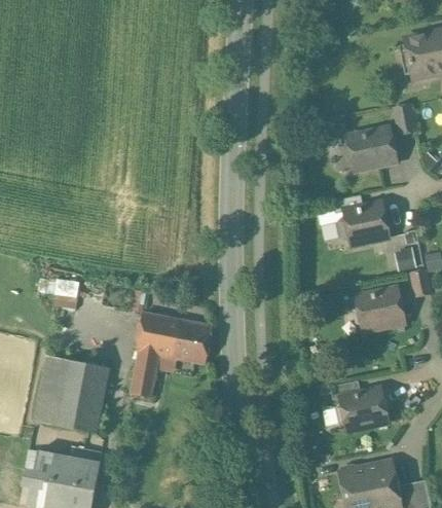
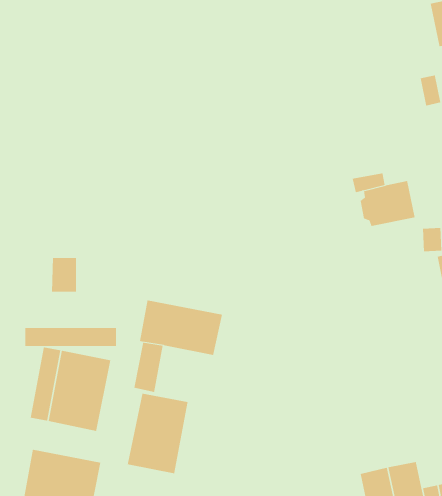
building: [344,129,396,171] -> none
building: [353,288,404,330] -> none
building: none -> [25,327,116,347]
building: [338,384,391,433] -> none
building: none -> [127,393,188,474]

